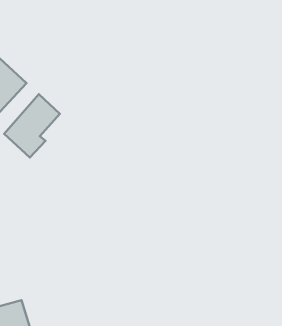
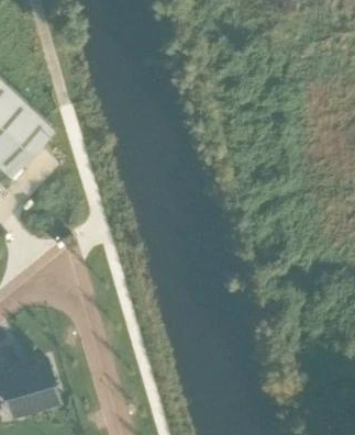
building: [4,94,60,158] -> none

